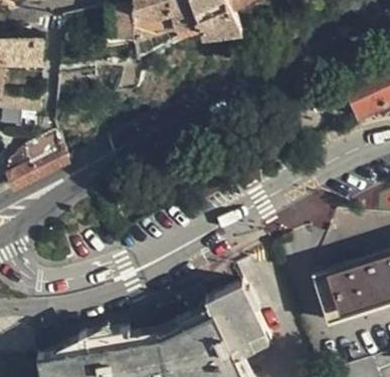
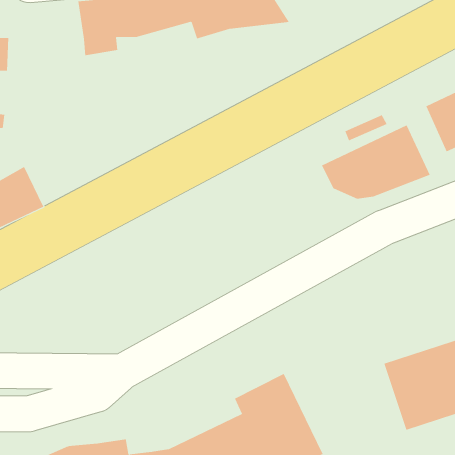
building: none -> [321,125,430,199]

